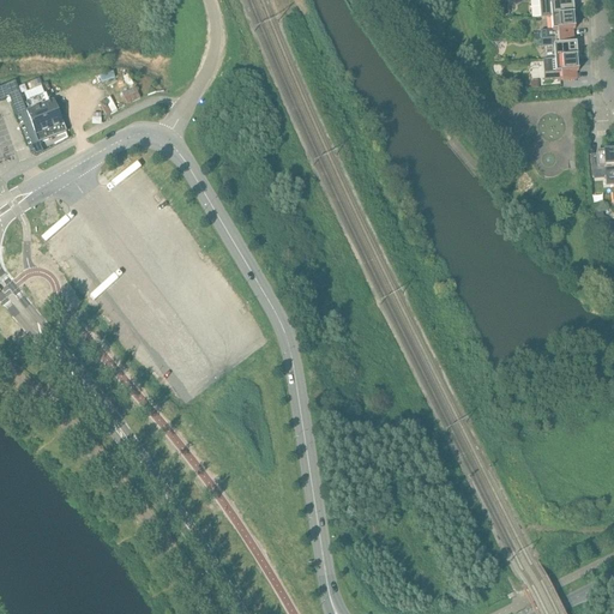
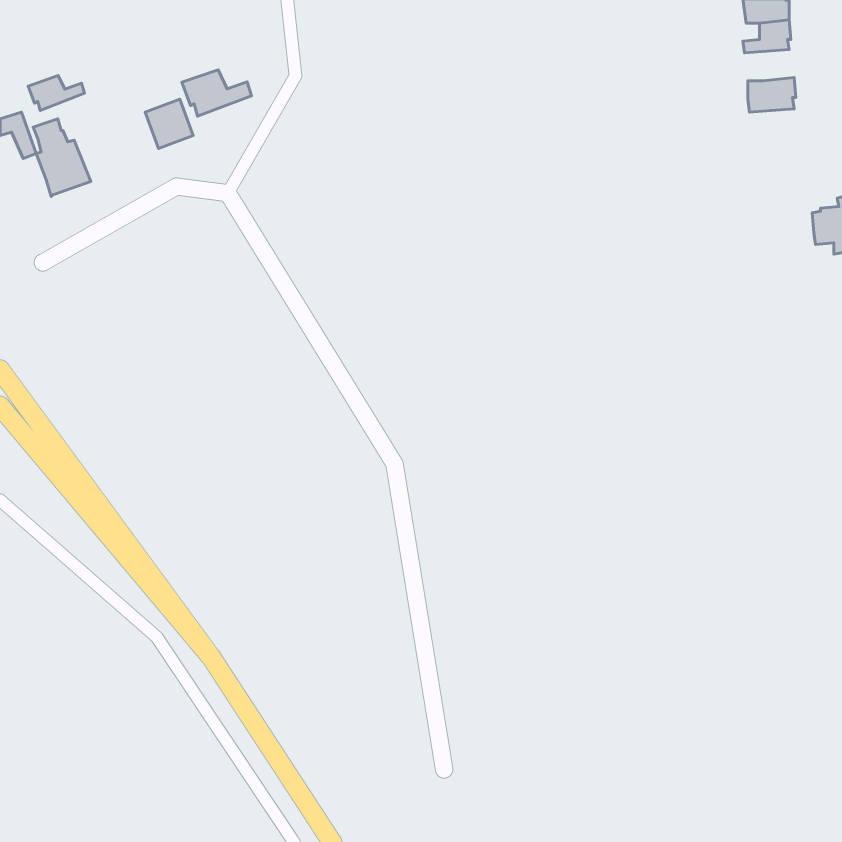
building: [542,36,578,59] -> none
building: none -> [182,70,251,116]
building: none -> [28,76,85,110]

